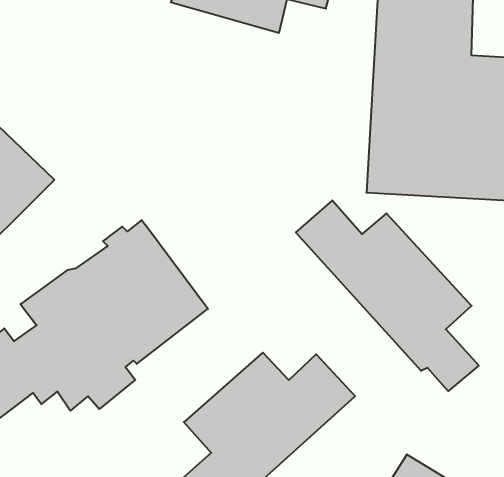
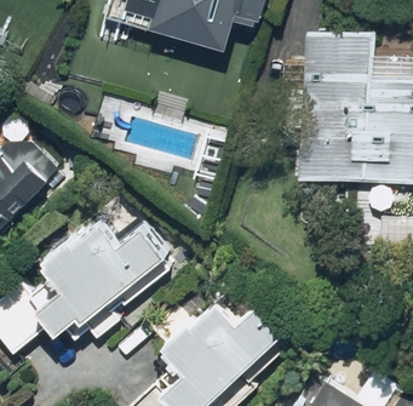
building: [296,200,479,391] -> none

